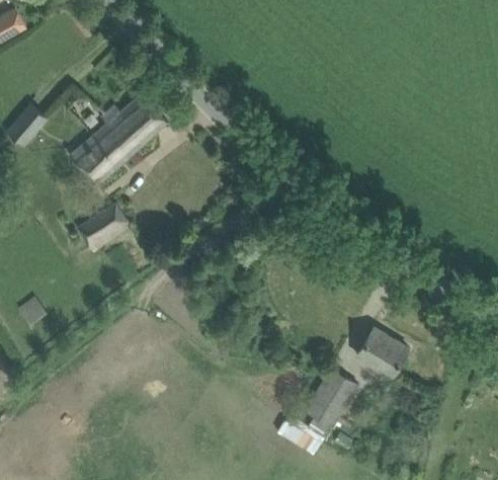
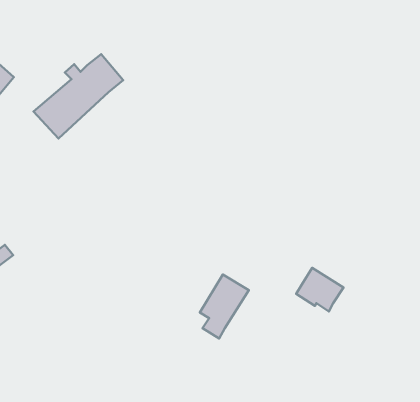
building: [79,204,129,251] -> none
building: [304,368,357,437] -> [200,275,249,338]

